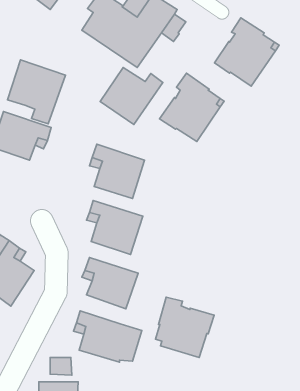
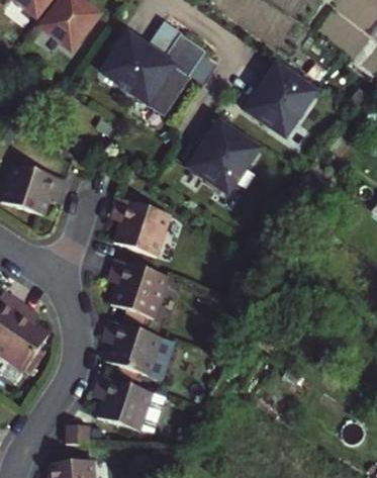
building: [8,60,66,124] -> none
building: [100,68,163,124] -> none
building: [156,297,214,357] -> none

